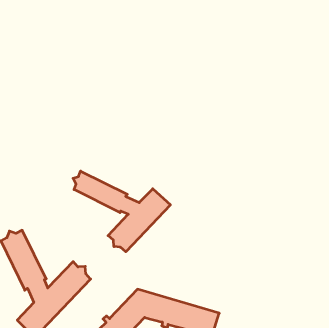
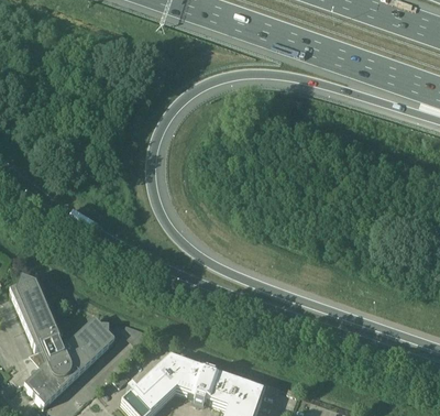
building: [73,171,170,252] -> none

